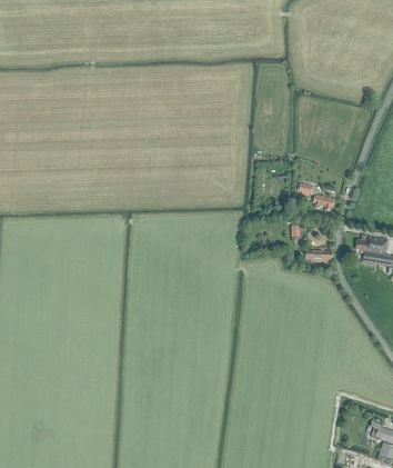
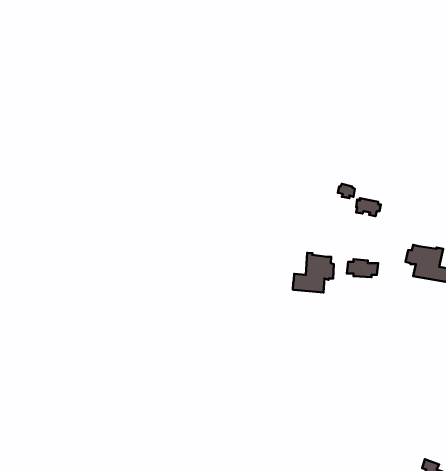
building: none -> [293,253,334,293]

